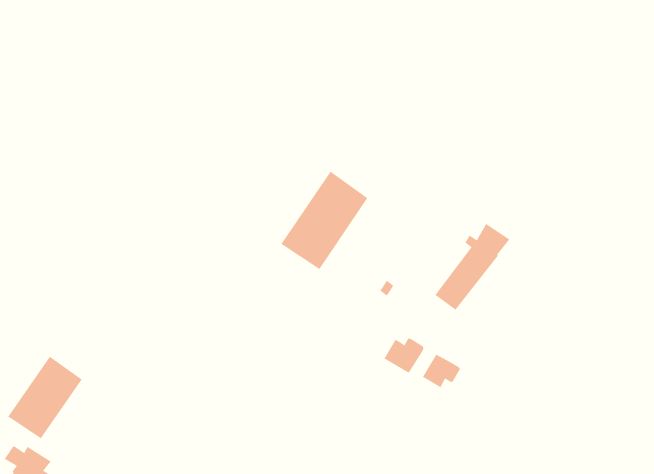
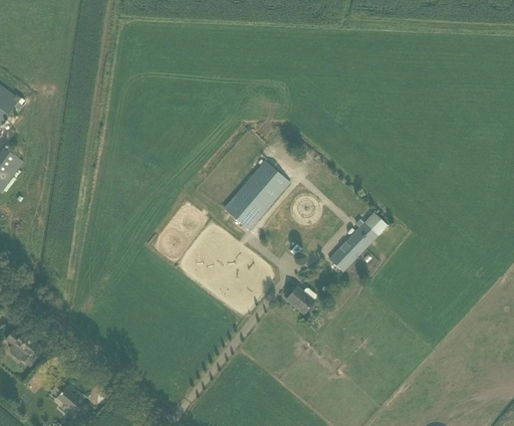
building: [422,354,461,388] -> none
building: [7,356,82,439] -> none

